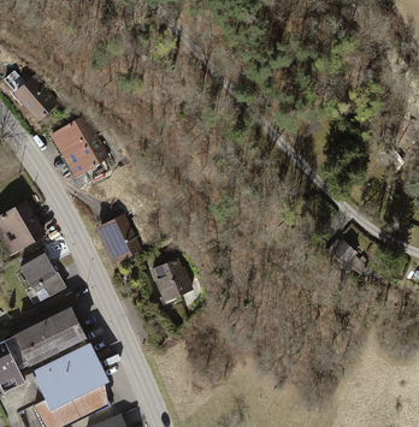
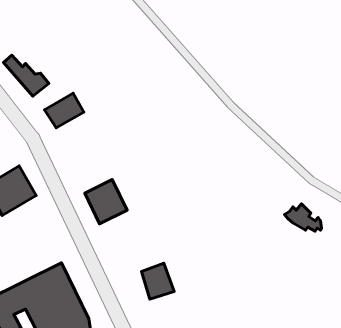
building: [66,137,110,177] -> none
building: [16,254,59,296] -> none
building: [146,262,183,303] -> [141,263,174,299]

